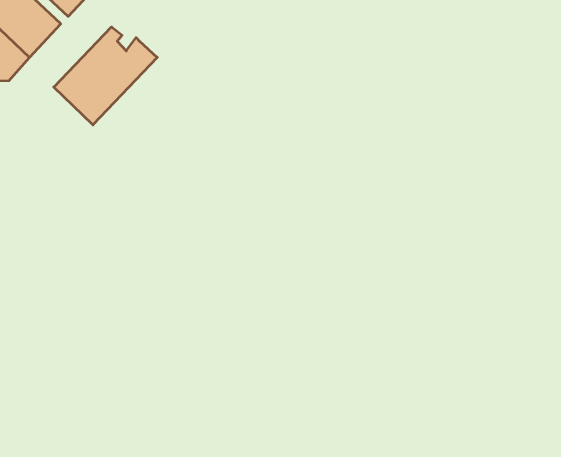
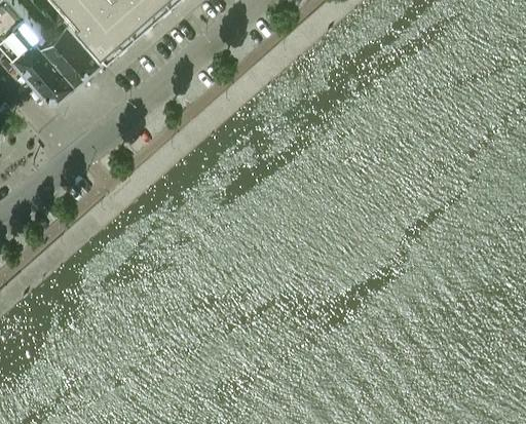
building: [54,27,157,125] -> none

